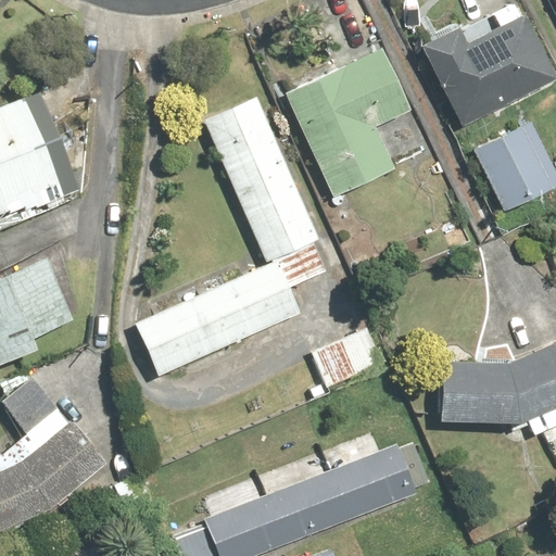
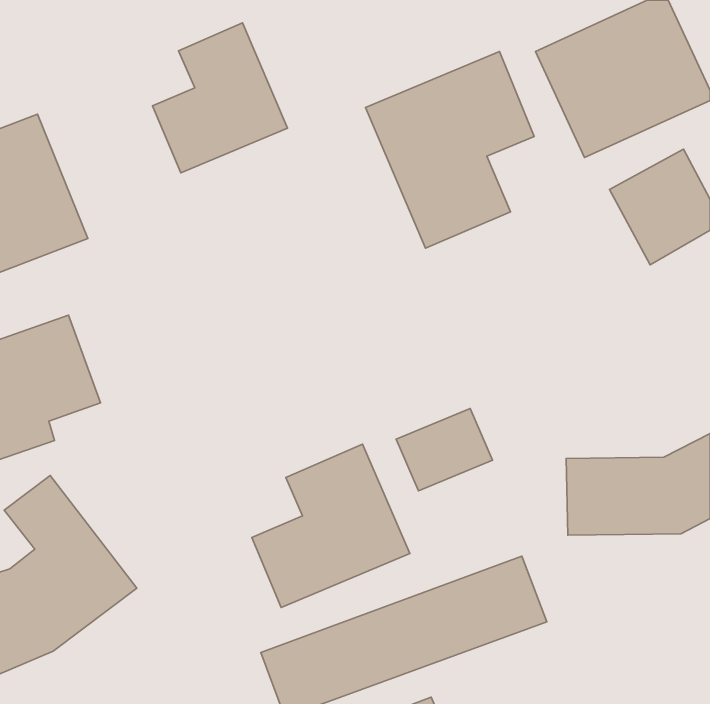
building: none -> [152,23,288,173]
building: [132,93,338,378] -> none
building: none -> [252,444,410,607]

